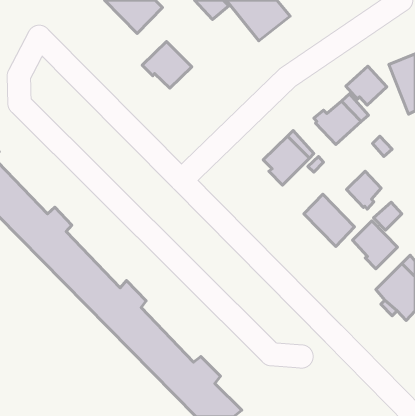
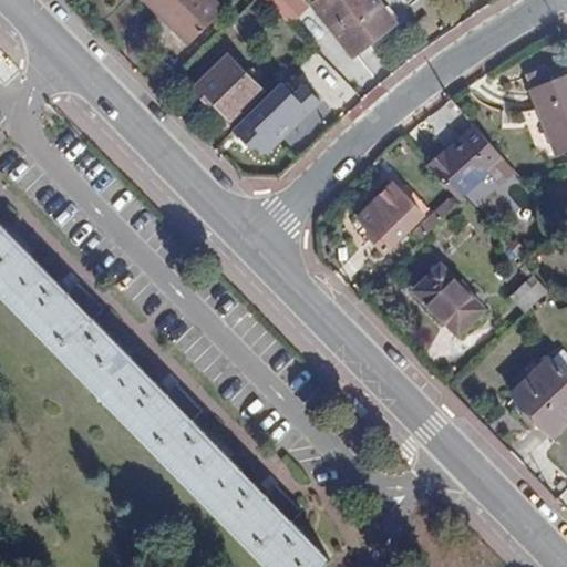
building: none -> [230,84,321,164]
building: [346,66,387,105] -> none
building: [347,171,381,209] -> none
building: [352,221,397,269] -> none

